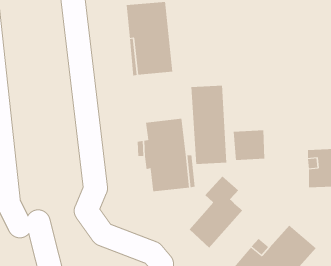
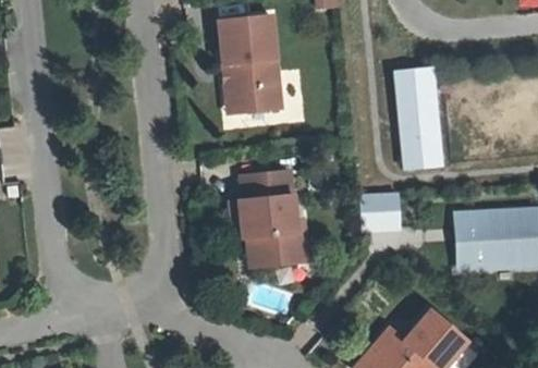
building: [191,85,227,164] -> [395,65,443,170]
building: [189,176,243,248] -> none

